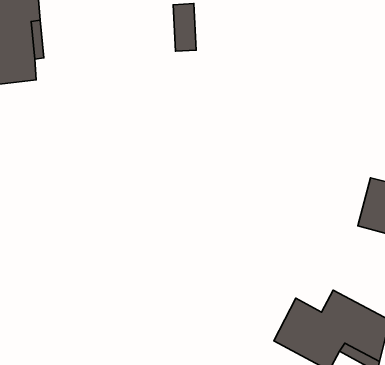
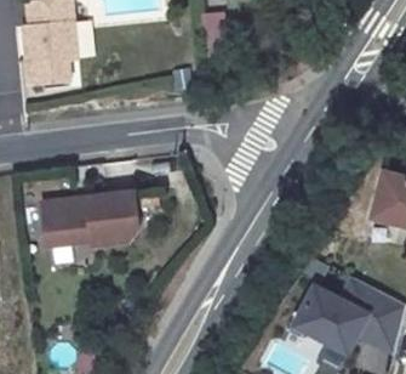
building: none -> [41,183,139,236]

